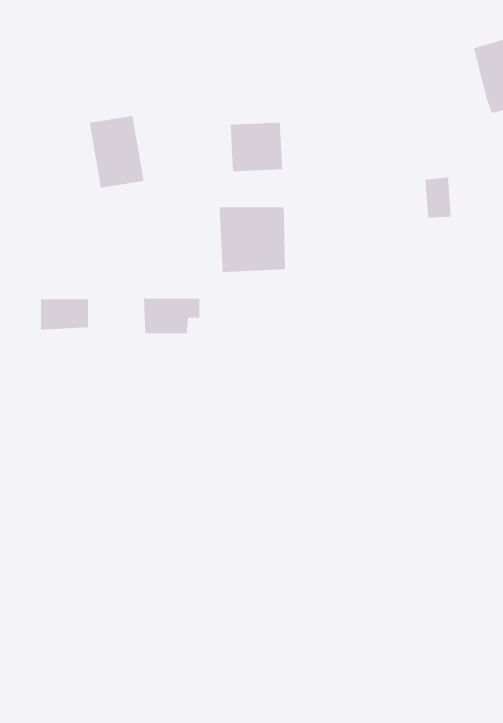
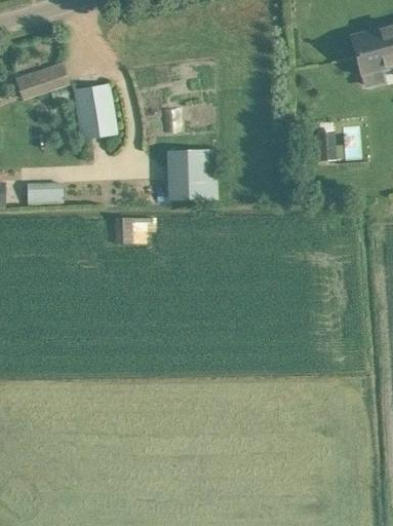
building: none -> [17,64,67,98]
building: [230,122,283,172] -> none
building: [40,299,89,330] -> [28,183,63,205]

